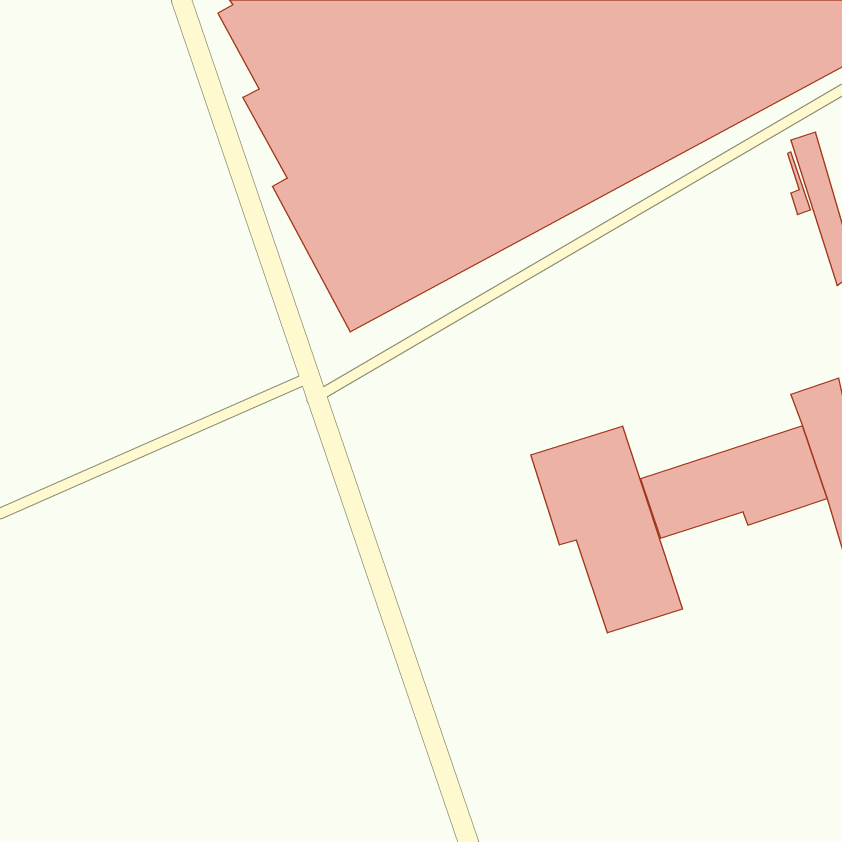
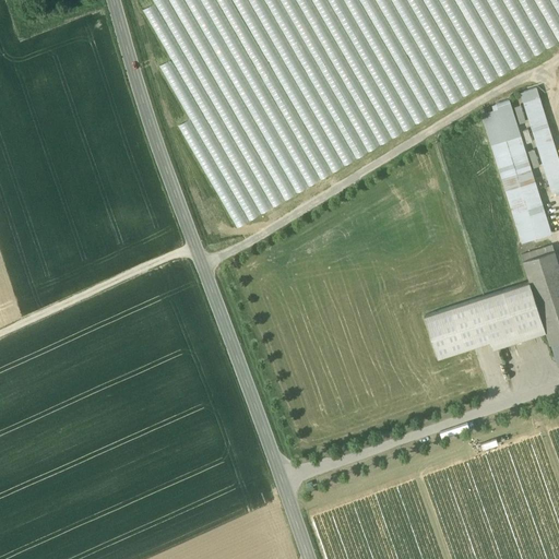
building: none -> [483,104,552,242]
building: [531,426,682,633] -> none

